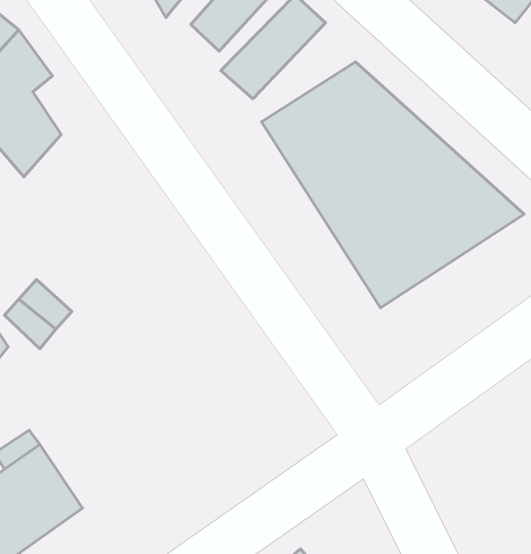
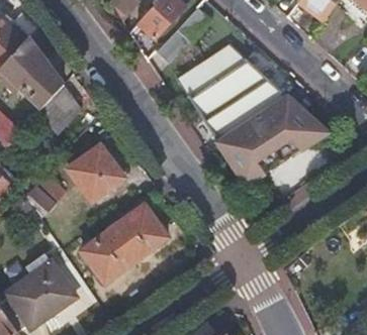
building: none -> [39,85,81,135]
building: none -> [69,144,123,201]
building: none -> [80,204,167,283]

